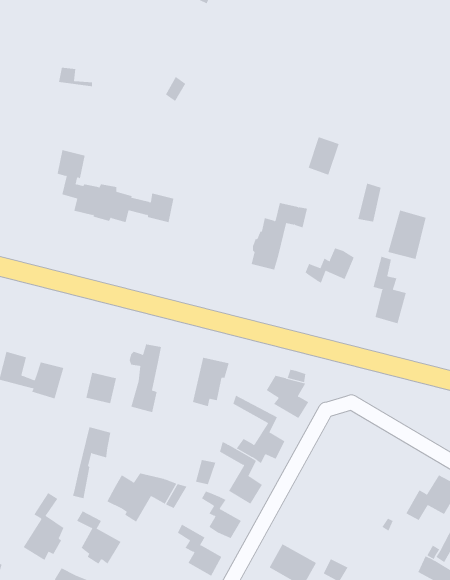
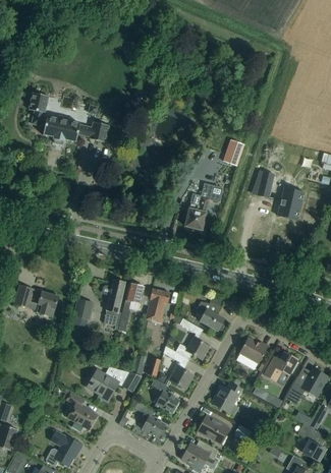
building: [55,149,176,223] -> [29,93,110,142]
building: [305,247,355,283] -> none
building: [373,256,406,324] -> none
building: [72,427,111,499] -> [118,283,145,332]
building: none -> [239,337,269,364]
building: none -> [265,352,297,381]
building: [23,492,64,561] -> none
building: none -> [213,382,241,412]

